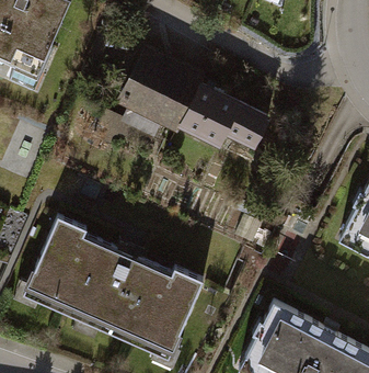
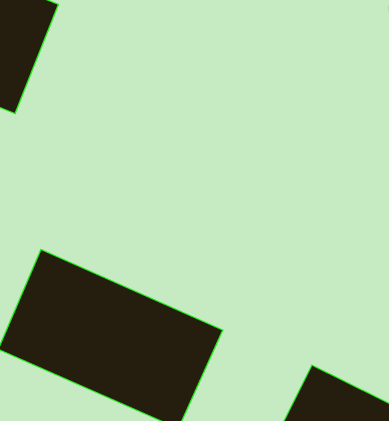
building: [122,55,270,166] -> none

